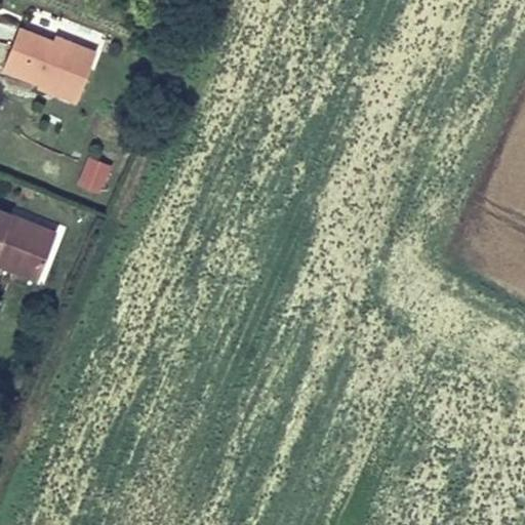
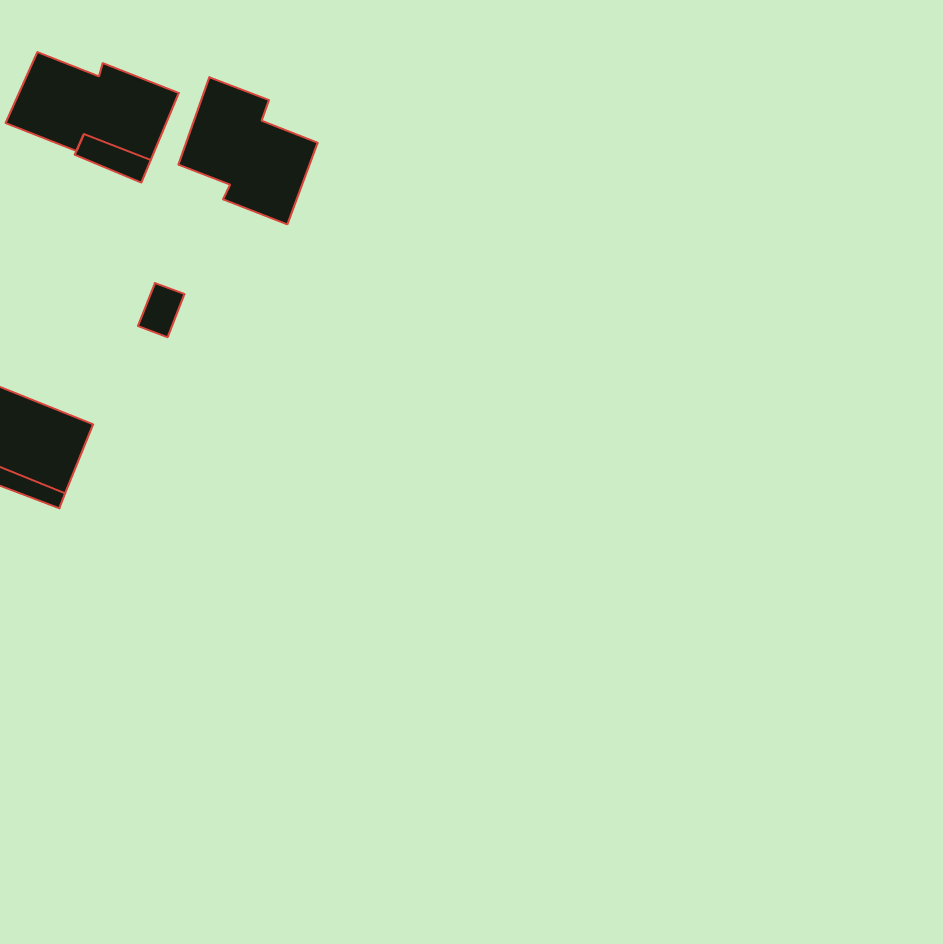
building: none -> [179,77,318,224]

